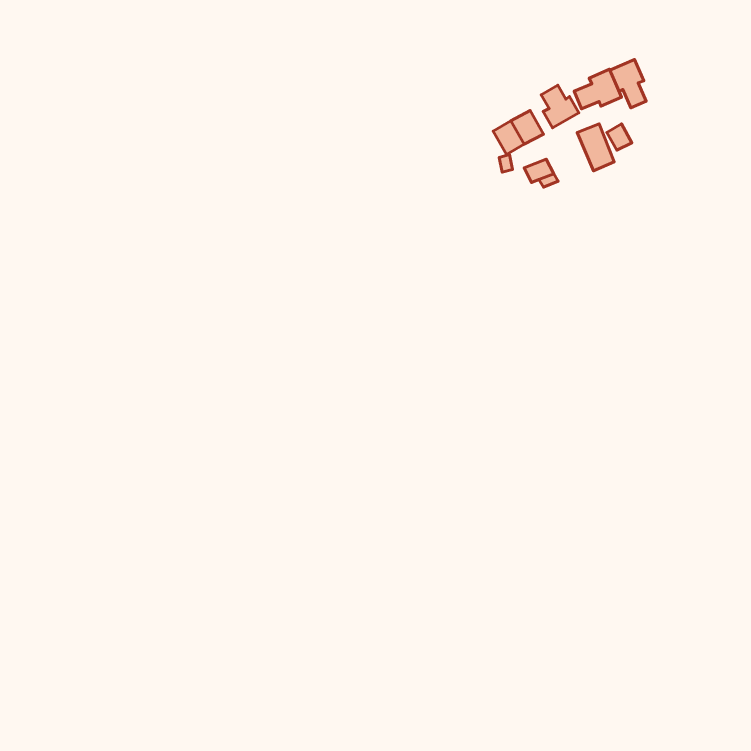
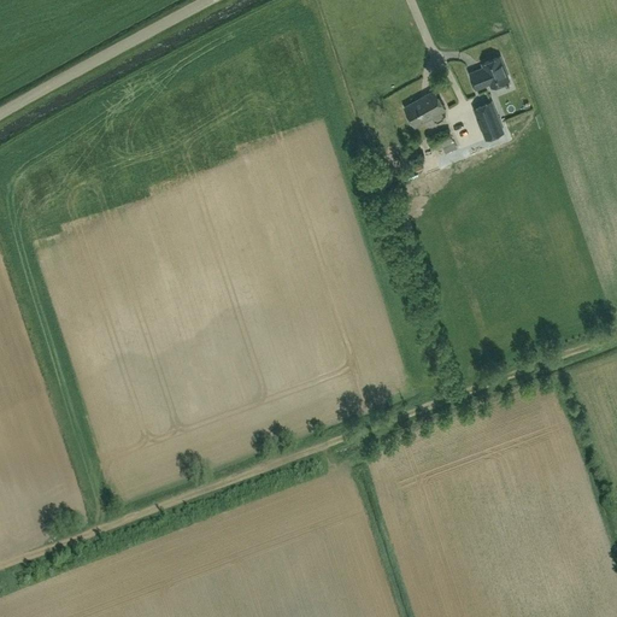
building: [610,59,646,108] -> none
building: [541,85,579,128] -> none

